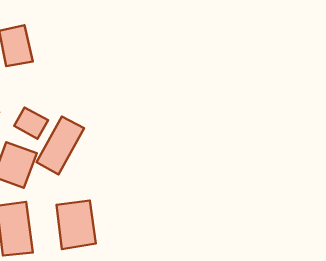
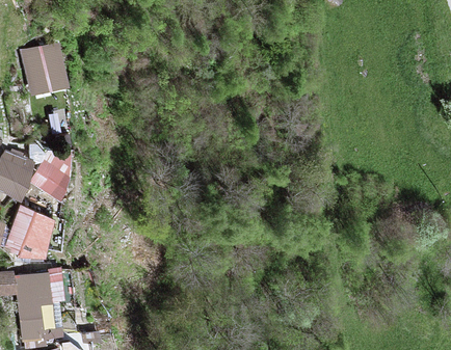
building: [37,117,84,175] -> none
building: [56,201,96,249] -> none

